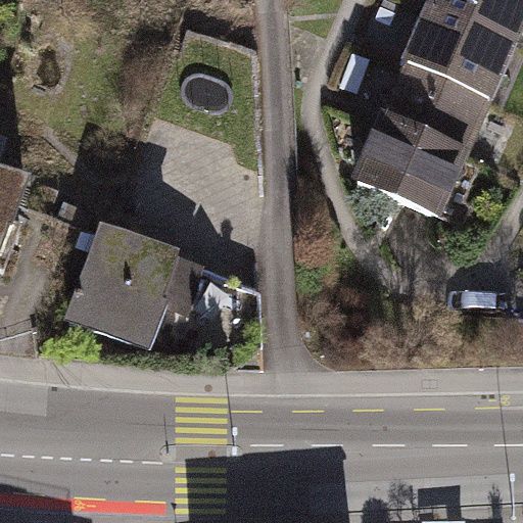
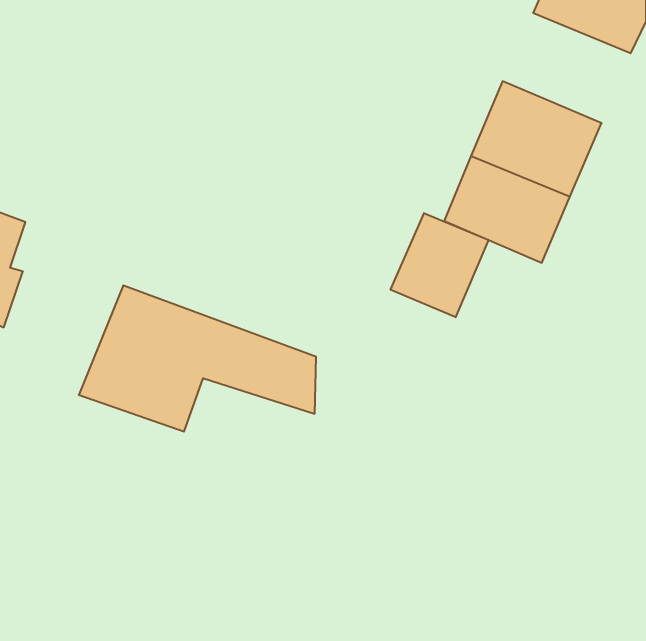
building: [405,10,508,99] -> none
building: none -> [391,213,488,317]

